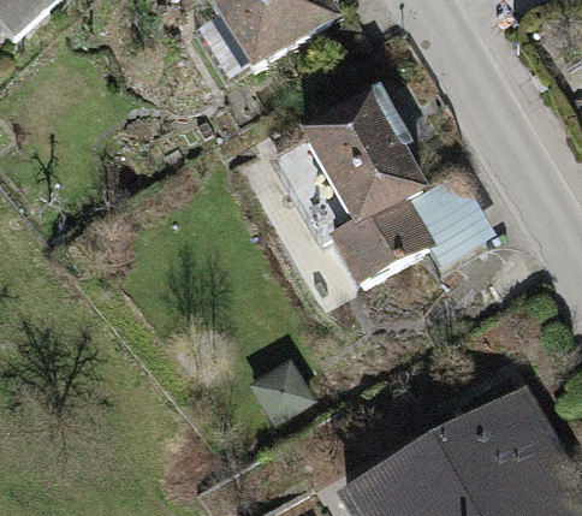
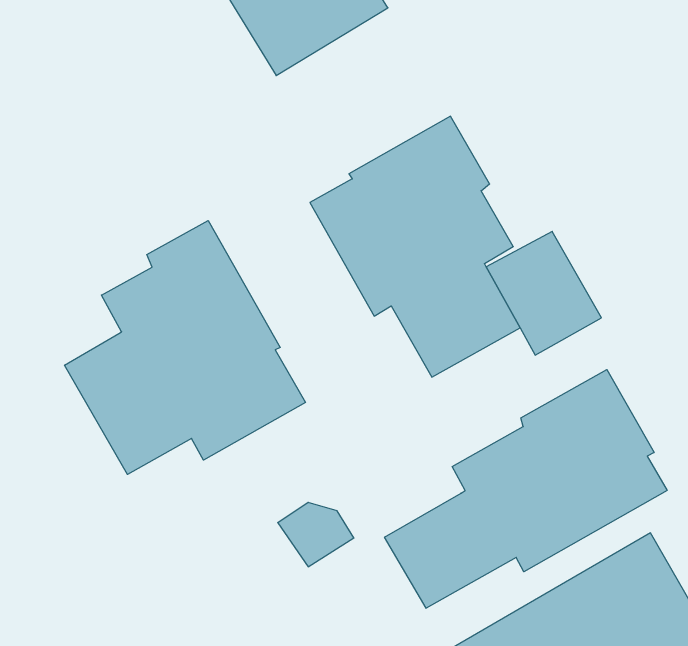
building: none -> [65,221,305,474]
building: none -> [385,370,667,608]

